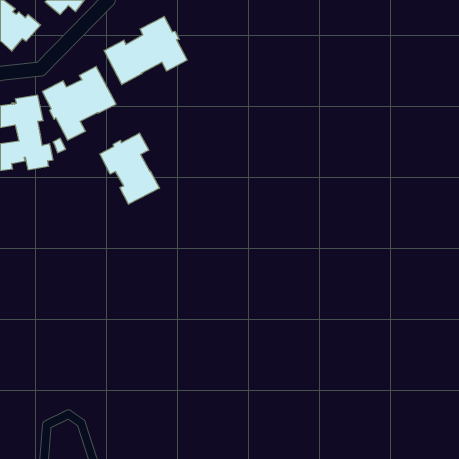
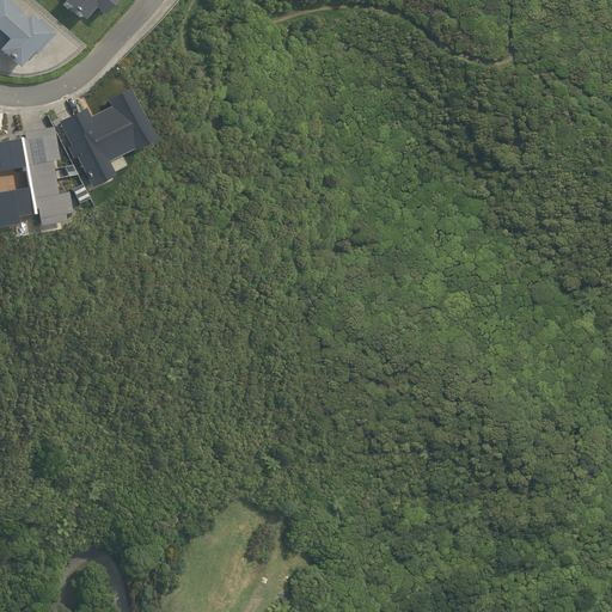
building: [104,16,187,85] -> none
building: [100,133,160,204] -> none

